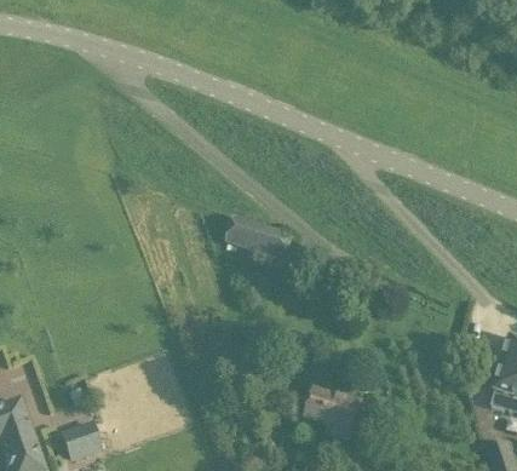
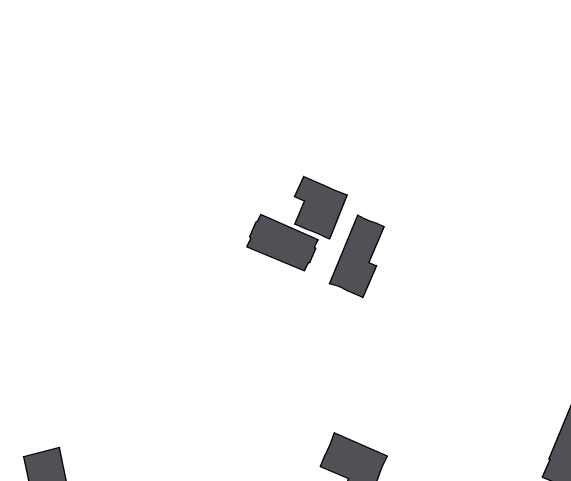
building: none -> [294,176,347,239]
building: none -> [330,215,384,298]

